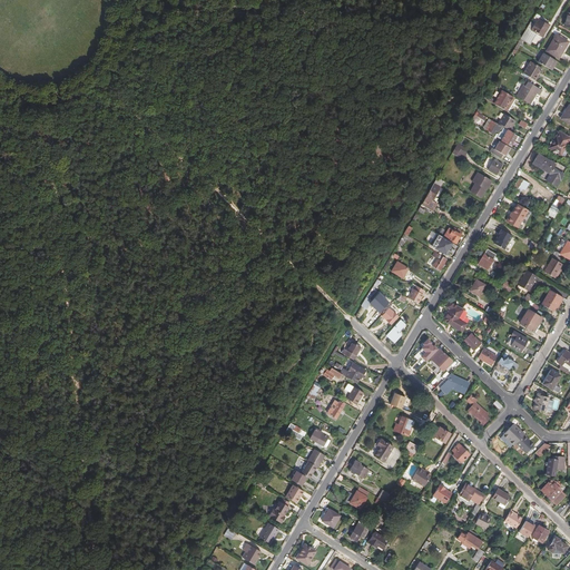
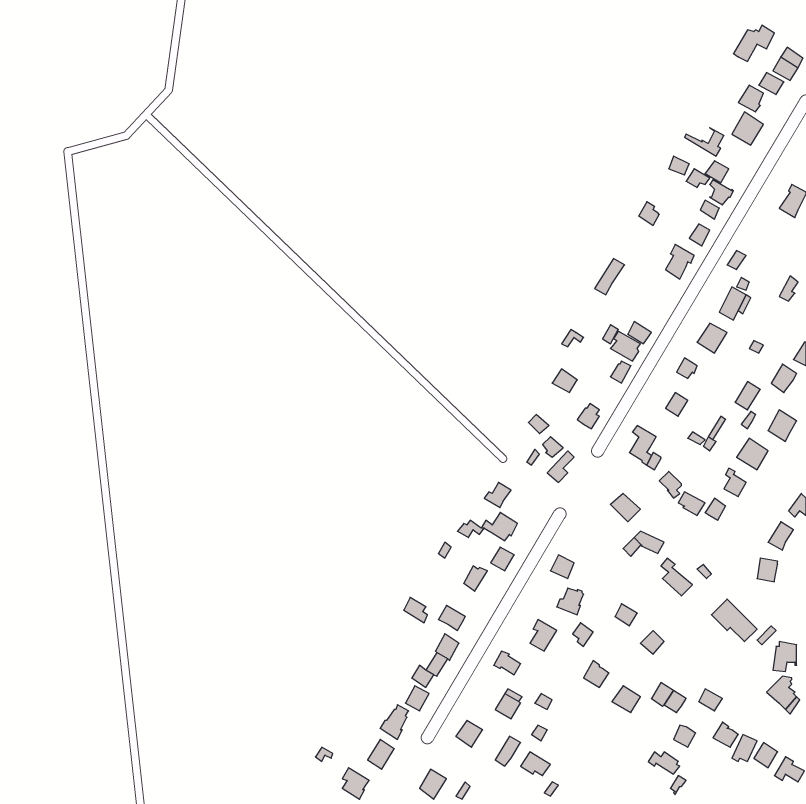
building: [533,154,563,186] -> none

